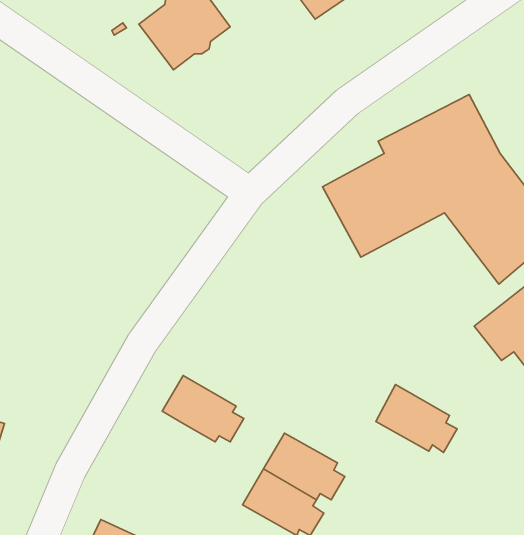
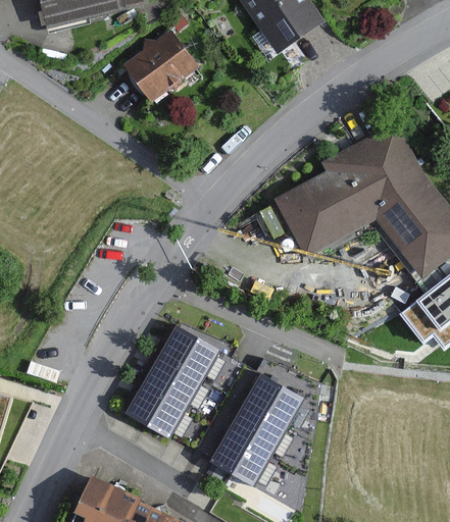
building: none -> [159,325,227,380]
building: [376,385,457,452] -> [243,372,310,428]
building: none -> [124,384,192,439]

